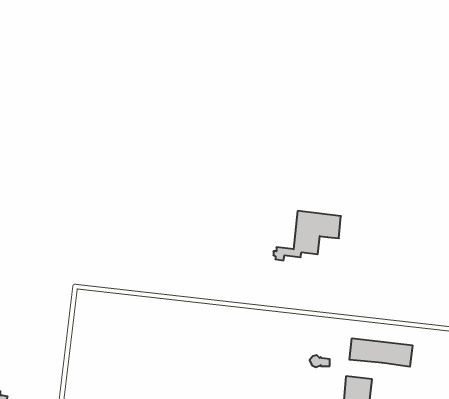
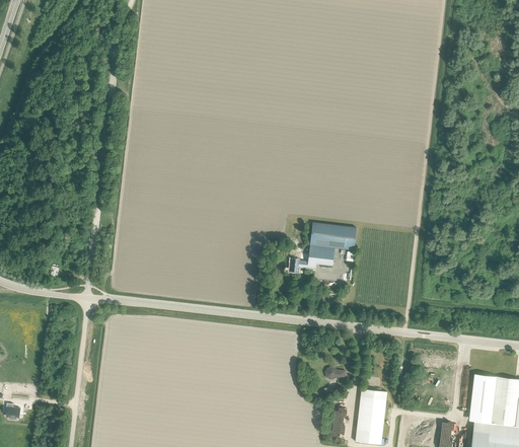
building: [349,338,412,367] -> none

